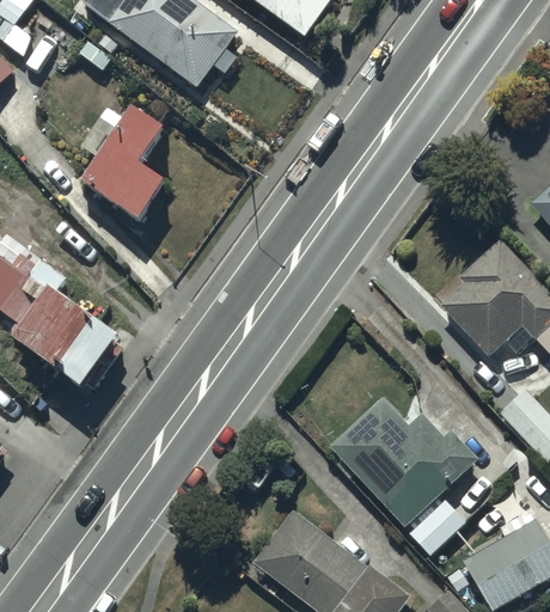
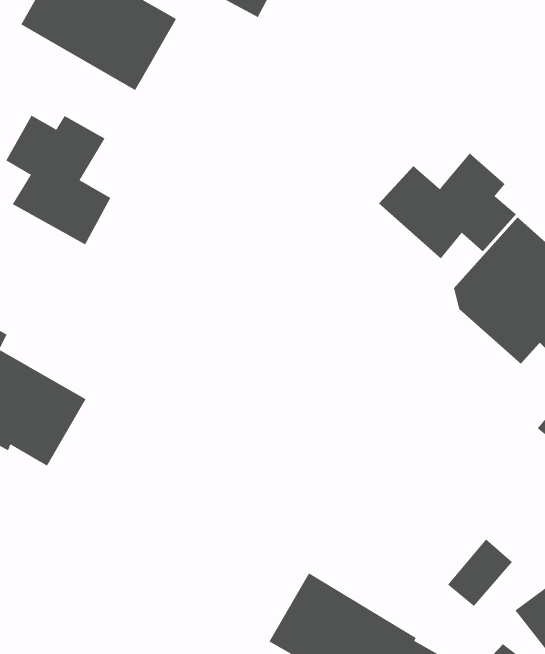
building: none -> [378,153,517,259]
building: [330,394,479,525] -> none

